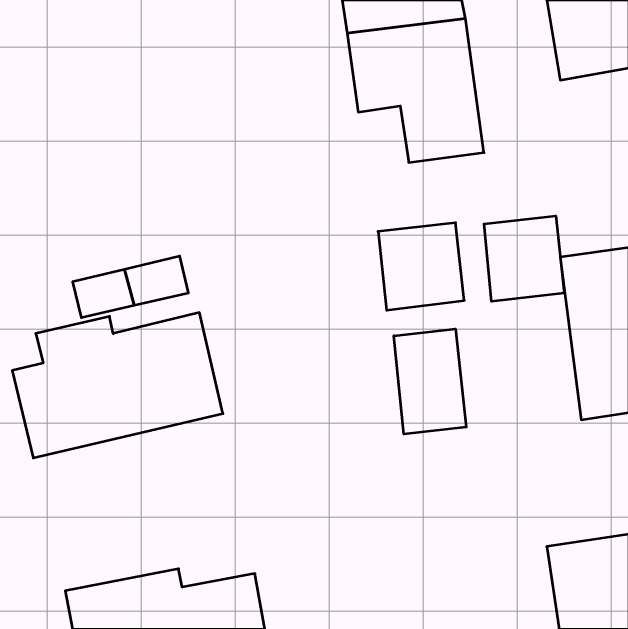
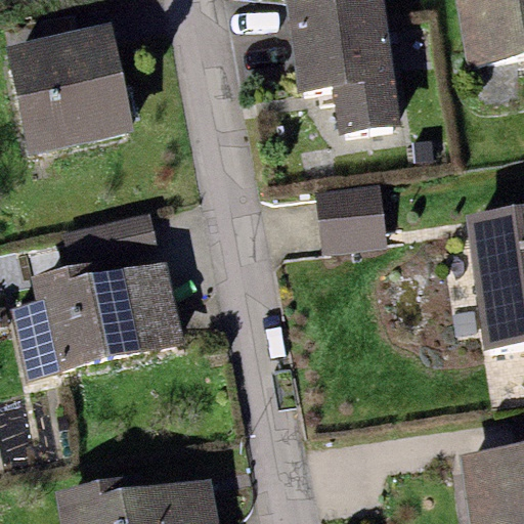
building: none -> [5,24,136,156]
building: [484,216,564,301] -> none
building: [394,329,466,434] -> none

